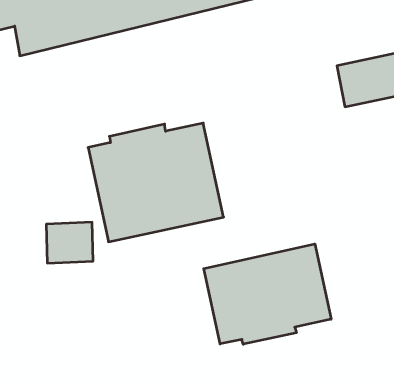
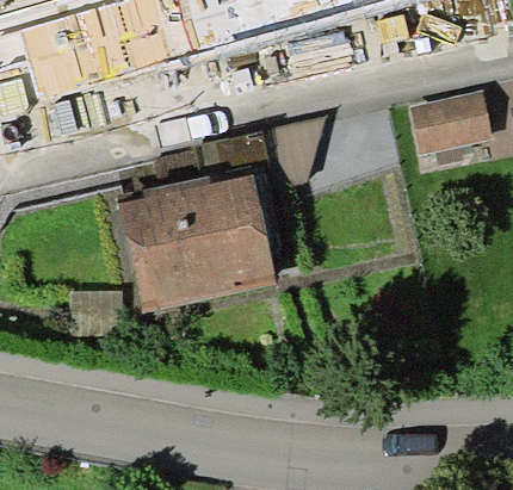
building: [204,244,331,344] -> none

